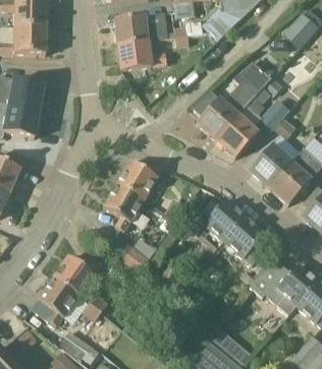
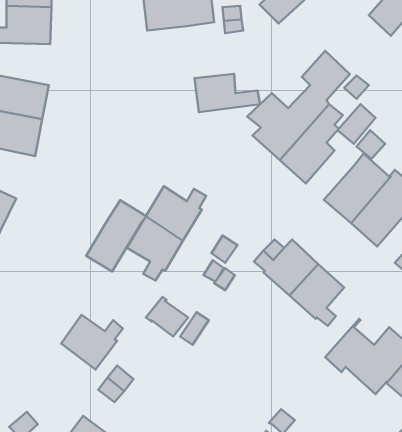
building: [118,41,167,69] -> [195,74,260,112]
building: none -> [86,200,146,272]
building: [39,276,79,325] -> none

